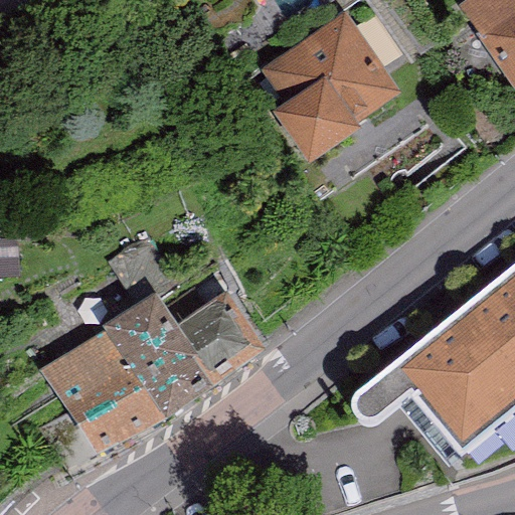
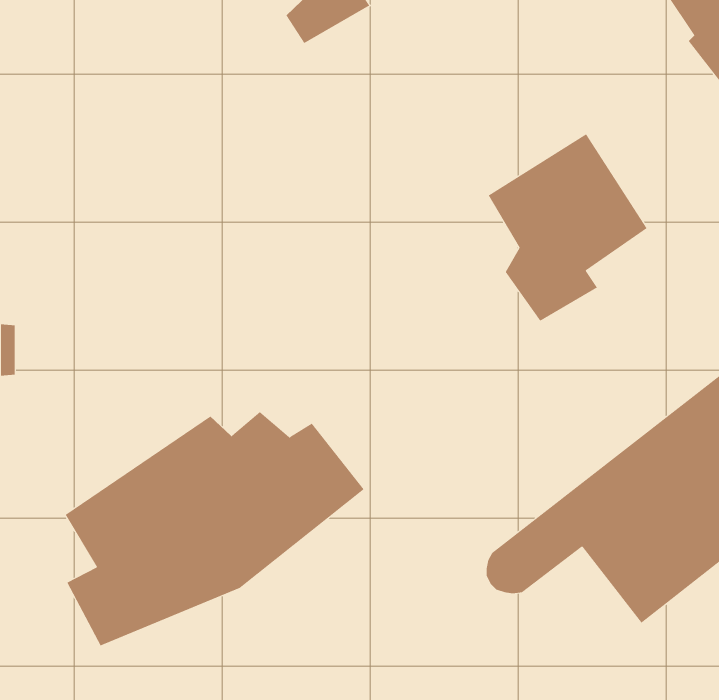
building: [277,17,390,151] -> [488,133,647,322]

